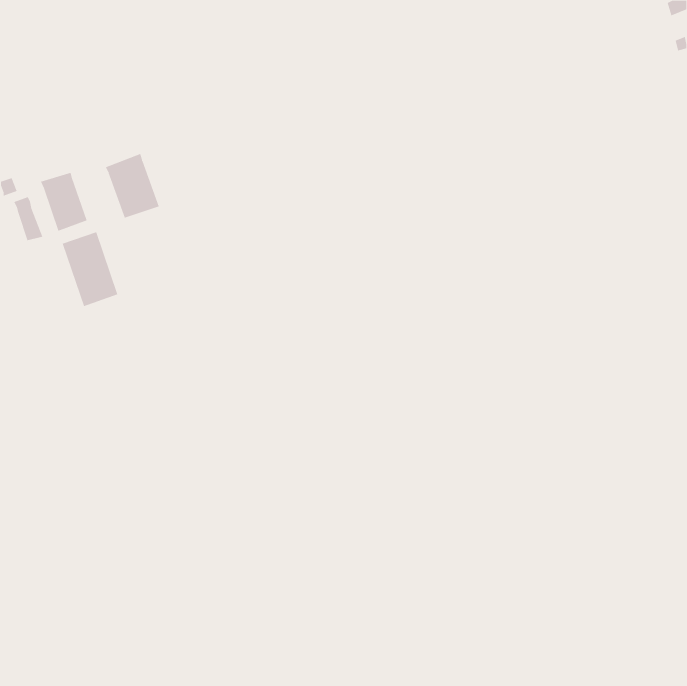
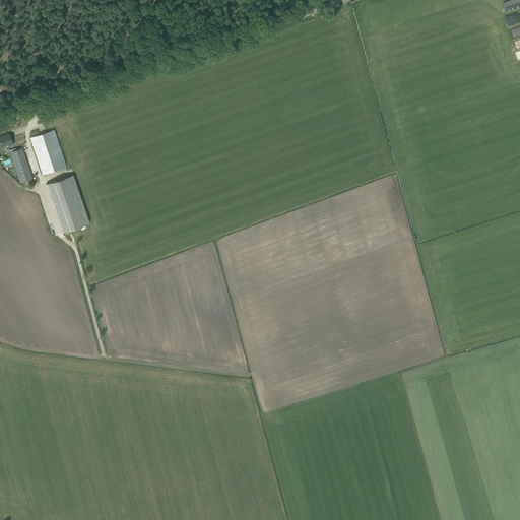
building: [105,153,159,219] -> none

